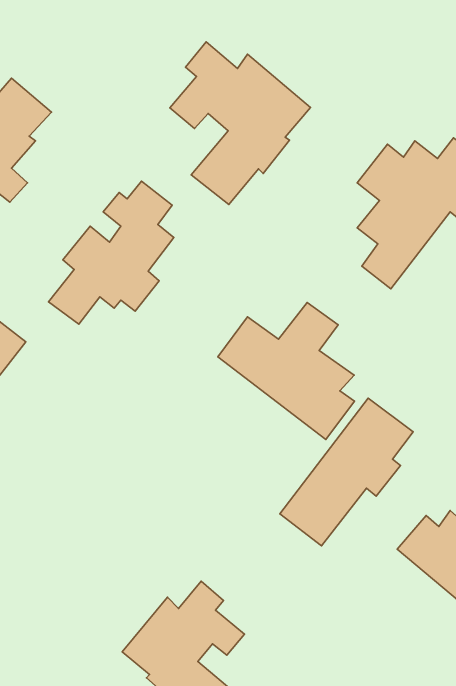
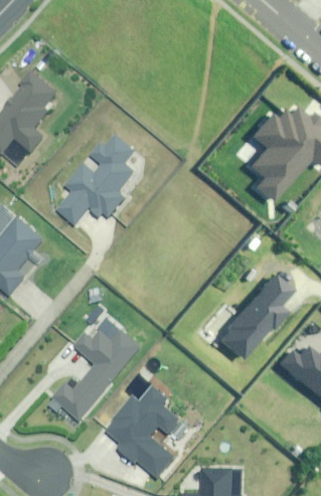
building: [170,42,310,204] -> none
building: [218,303,354,439] -> none
building: none -> [54,330,143,420]

